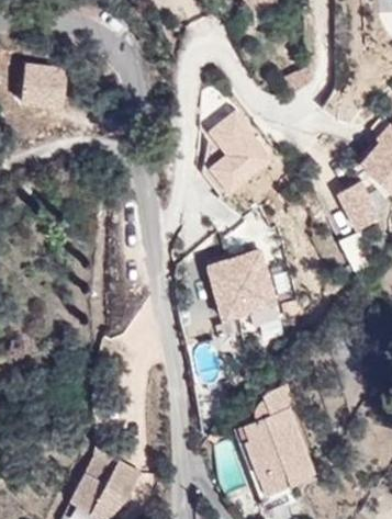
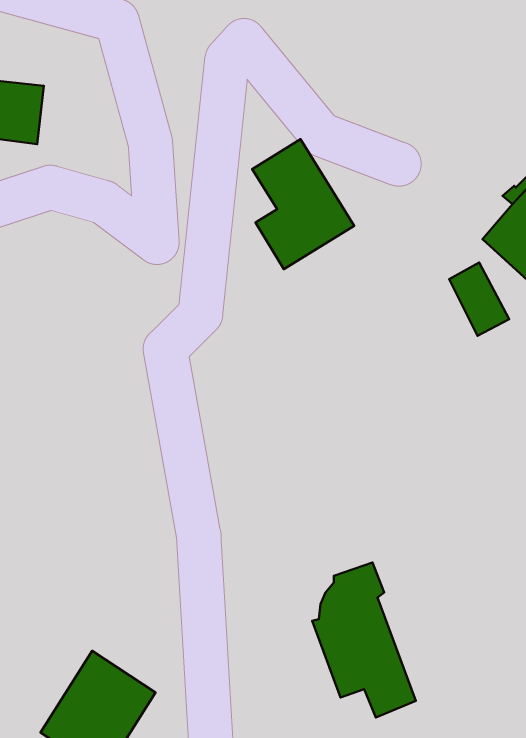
building: [203,244,283,330] -> none
building: [237,424,287,496] -> none

